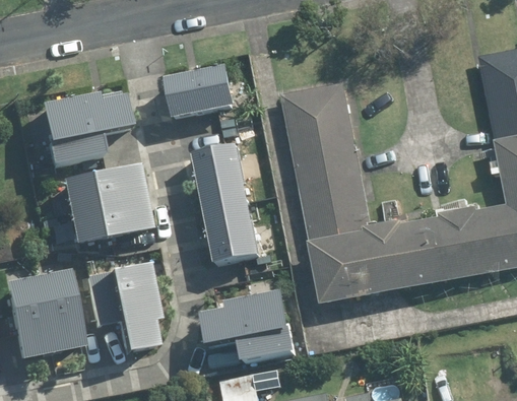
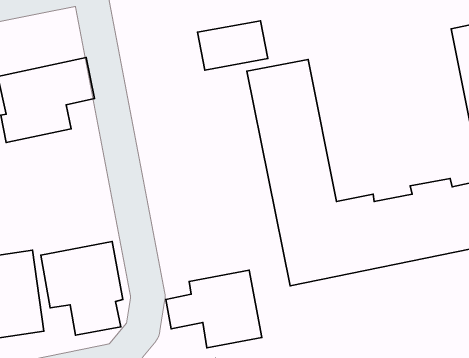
building: [164,70,232,118] -> [197,21,268,70]
building: [200,145,264,264] -> none
building: [61,160,150,242] -> none

